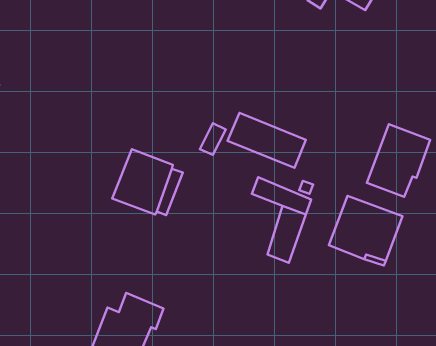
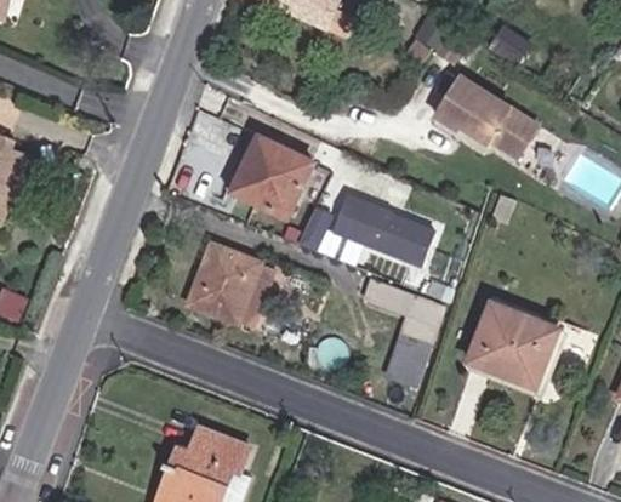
building: none -> [434,73,539,154]
building: none -> [230,137,313,218]
building: [367,124,430,197] -> none

